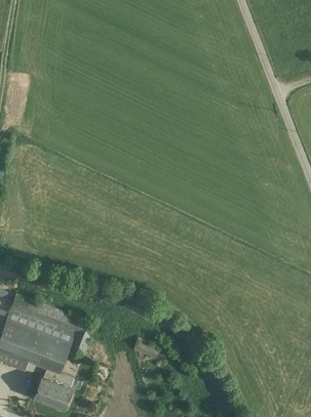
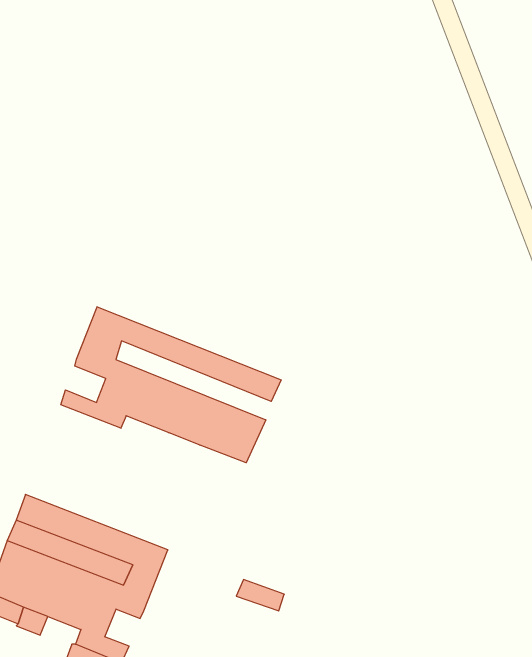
building: none -> [61,307,281,463]

